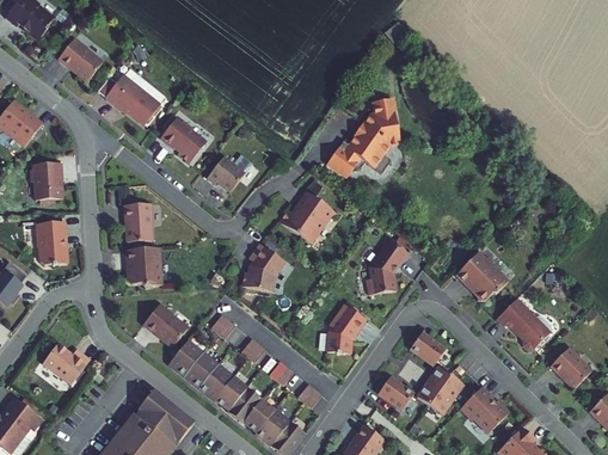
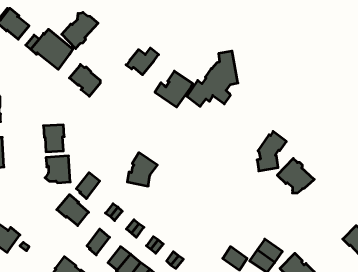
building: none -> [62,12,98,49]
building: [207,153,253,191] -> [126,48,159,75]
building: [280,191,333,242] -> [155,71,193,107]
building: [367,239,409,295] -> [257,131,286,171]
building: [496,297,552,349] -> none
building: [327,305,366,353] -> none
building: [410,332,444,364] -> none
building: [170,339,203,376] -> [76,173,100,199]
building: [198,363,233,399] -> none

